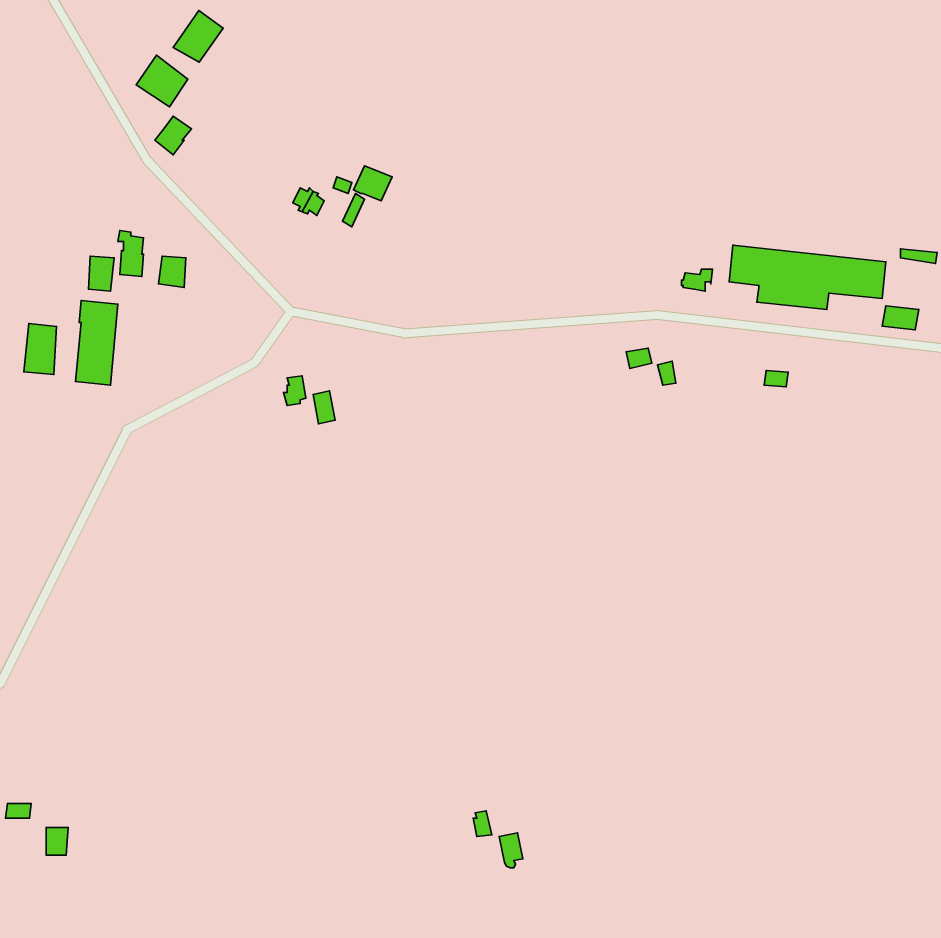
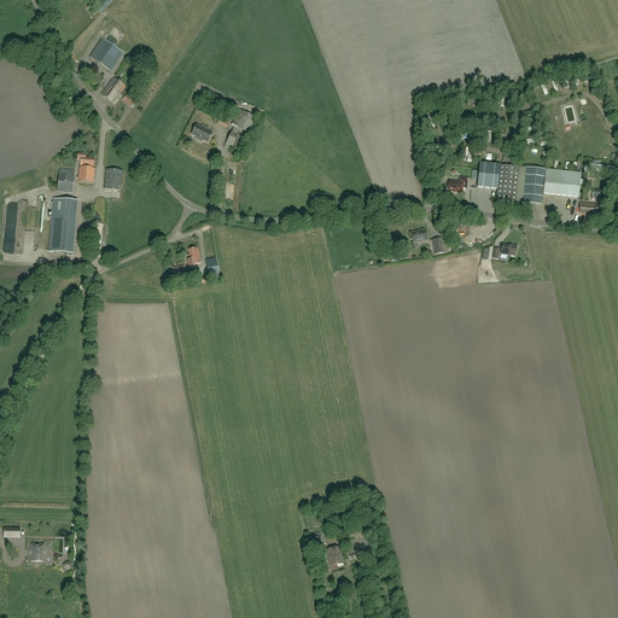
building: [173,10,223,62] -> none
building: [24,323,57,375] -> none

